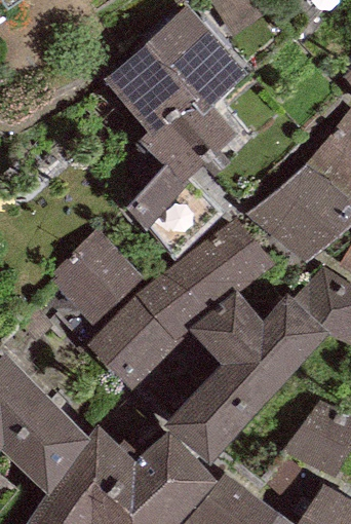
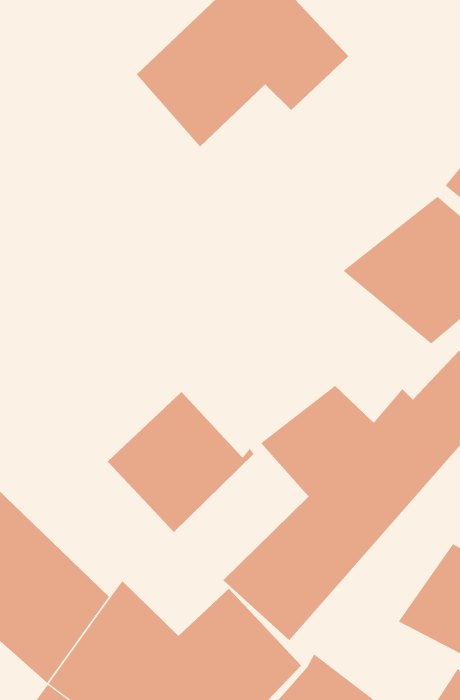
building: [123,89,237,259] -> none
building: [135,218,275,340] -> none
building: [47,230,143,325] -> none

